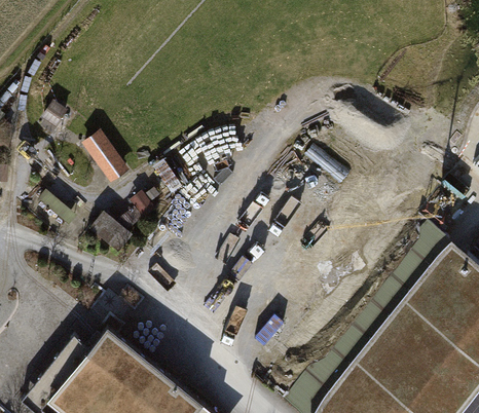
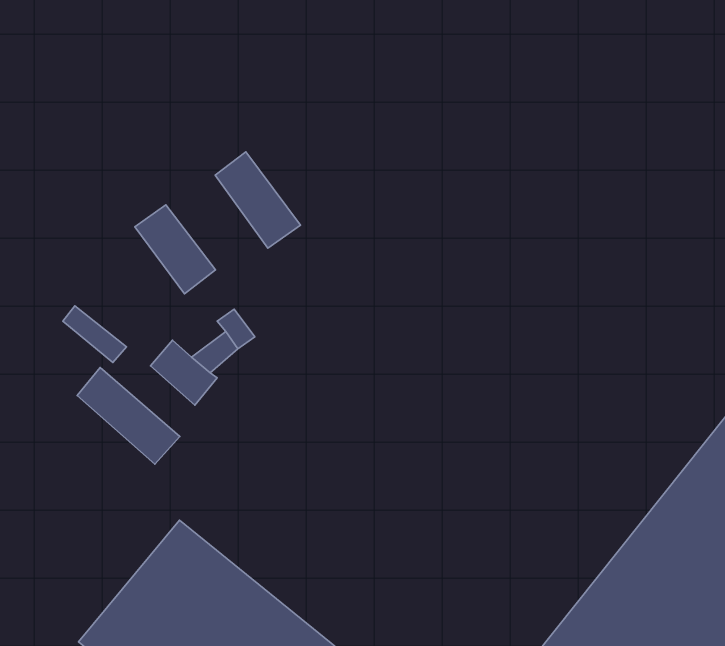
building: none -> [215,152,300,248]
building: none -> [77,368,180,464]

